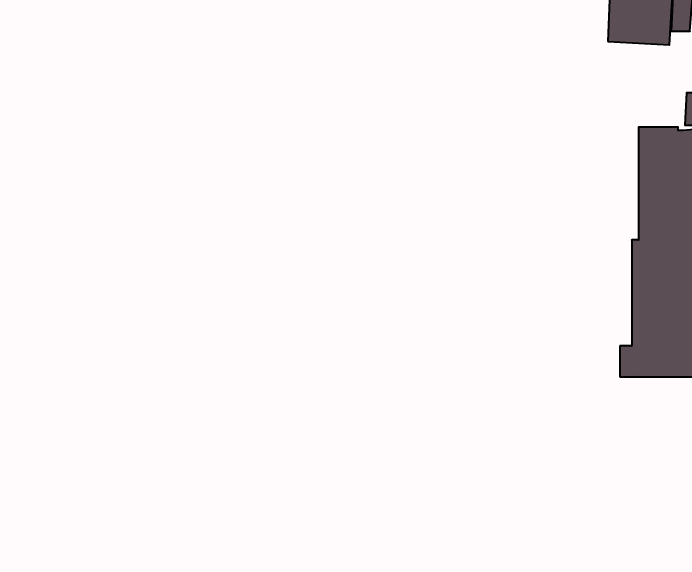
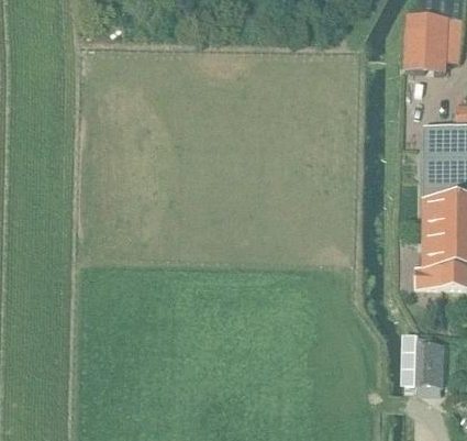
building: none -> [403,333,443,387]

